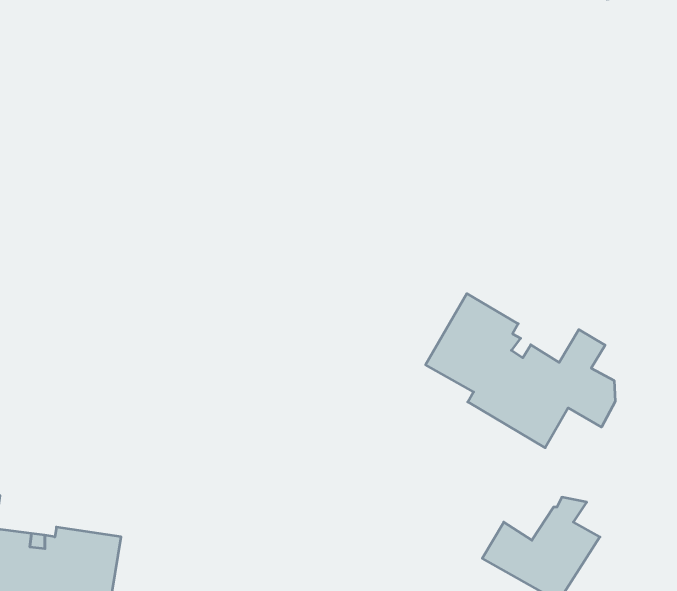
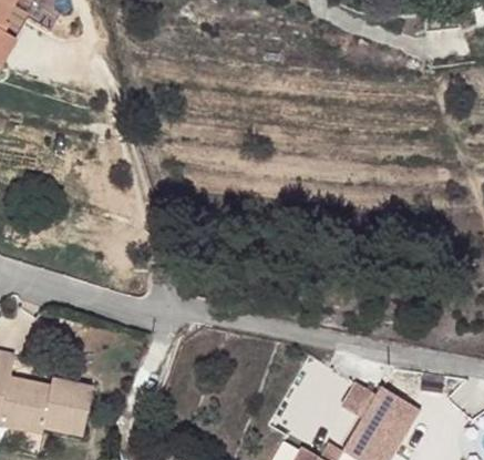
building: [426,294,615,448] -> none

